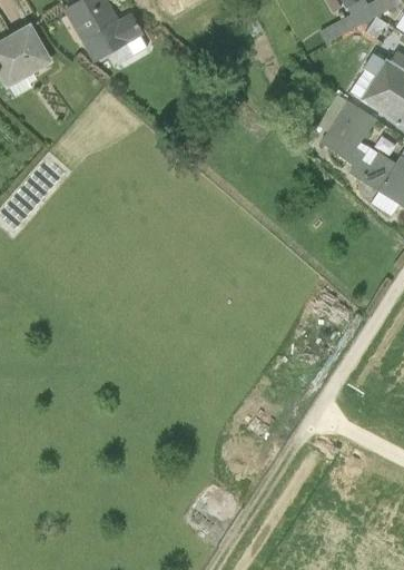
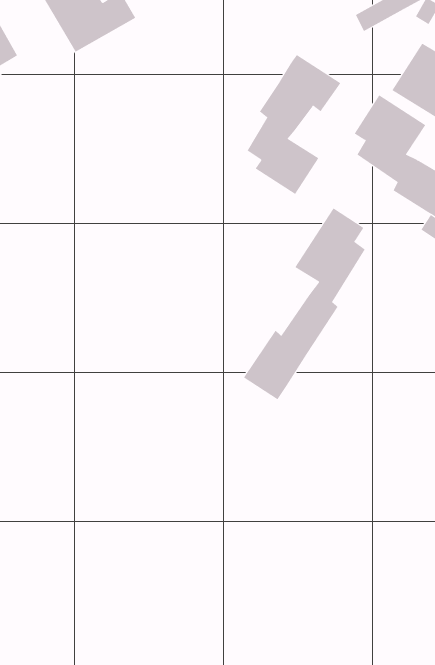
building: none -> [247,54,341,195]
building: none -> [243,207,366,400]

